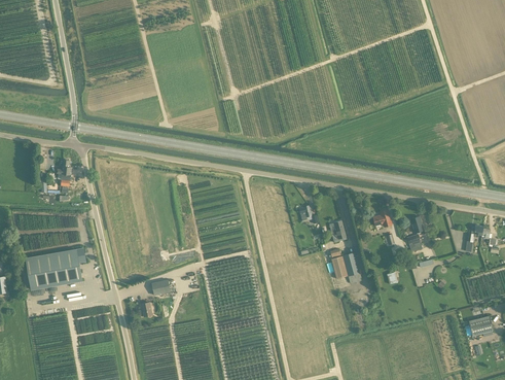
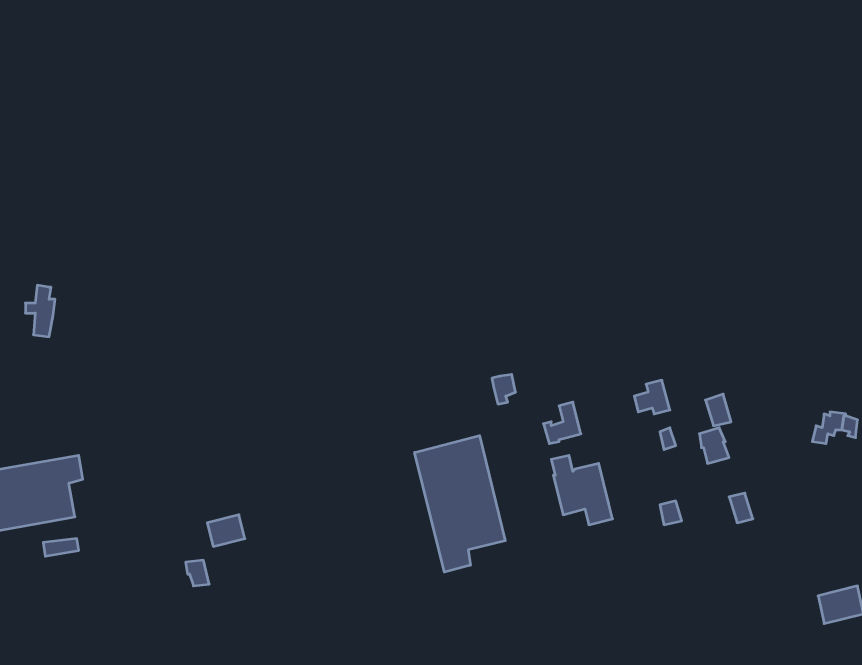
building: none -> [415,436,505,572]

